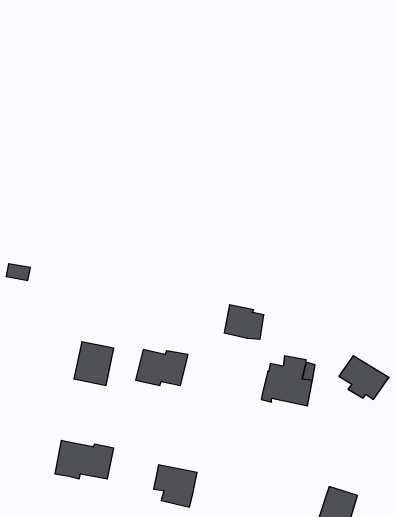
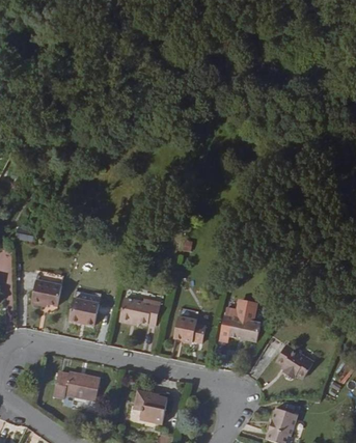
building: [224,305,264,339] -> [173,315,206,343]
building: none -> [31,270,63,306]
building: [339,356,389,399] -> [274,344,314,380]

